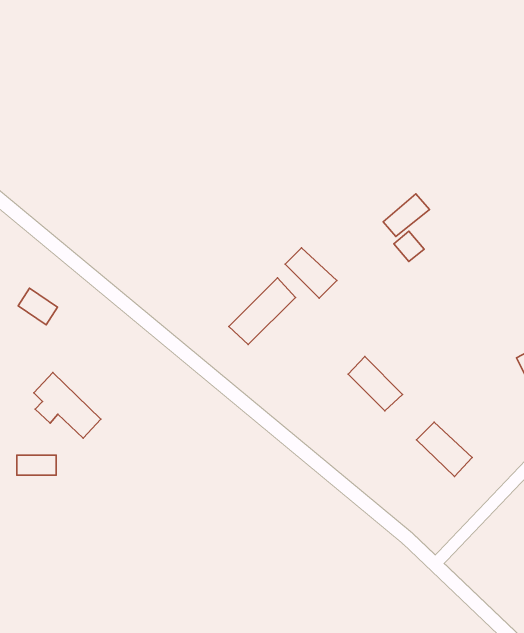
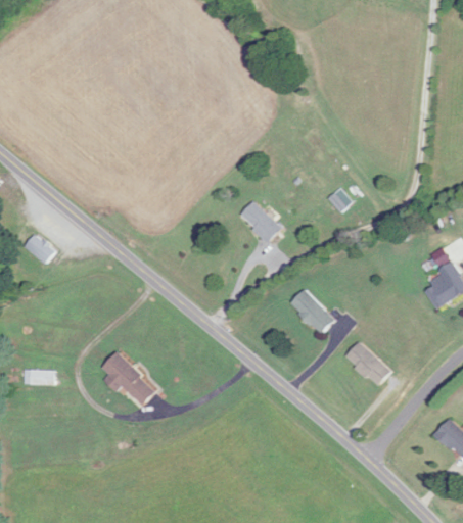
building: [383,194,430,237] -> none
building: [229,278,295,344] -> none
building: [34,372,101,438] -> [101,351,155,405]

